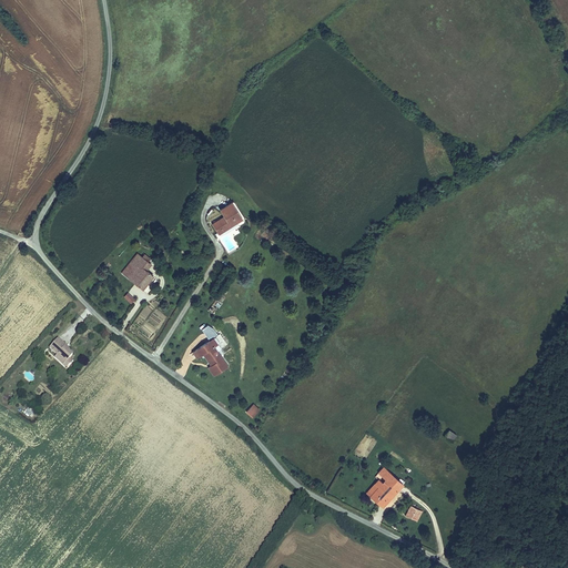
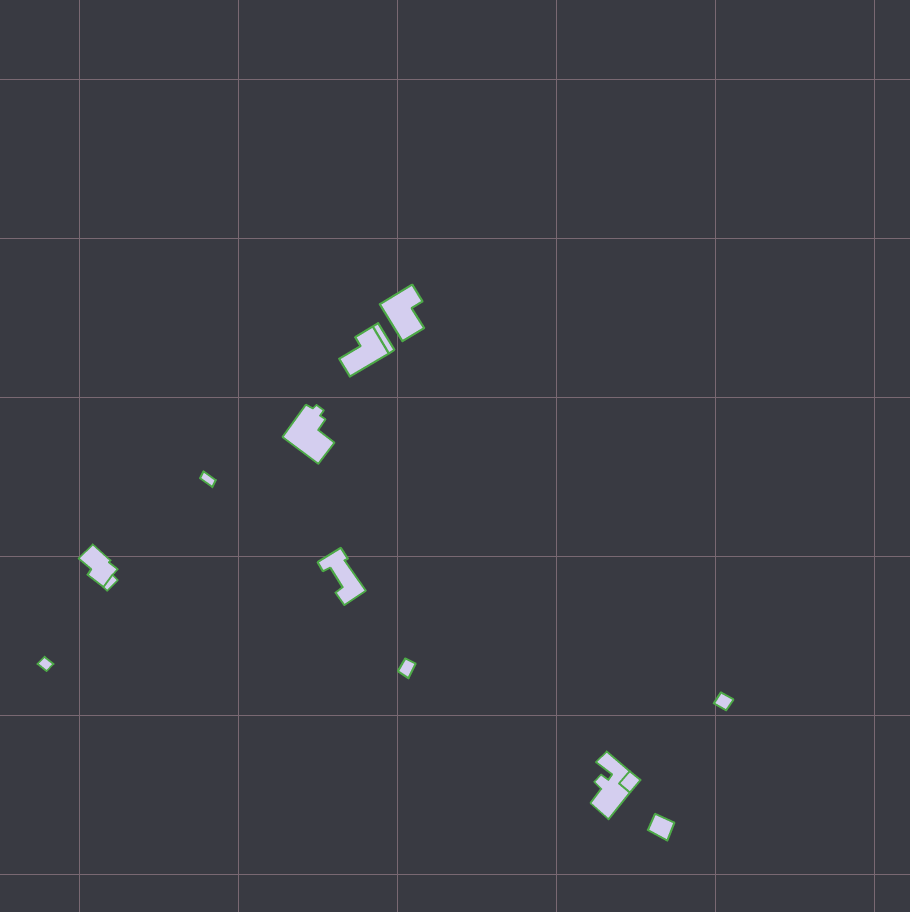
building: none -> [380,285,424,341]
building: [122,253,154,290] -> [283,405,334,464]

